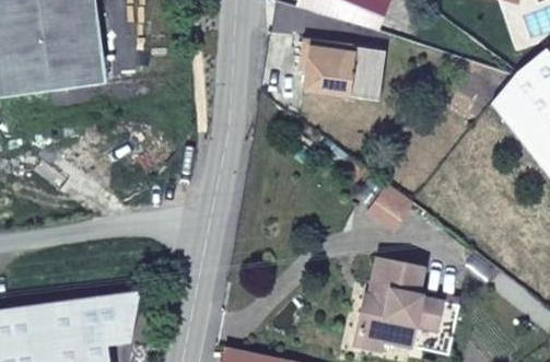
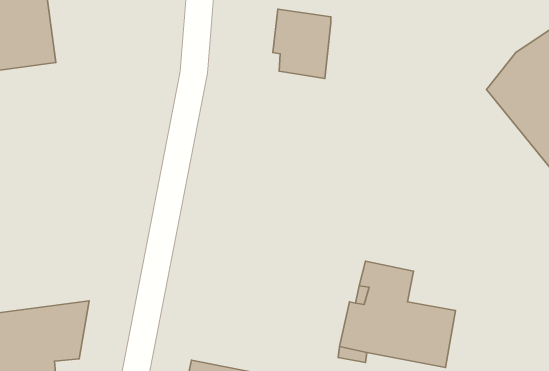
building: [346,47,384,101] -> none

